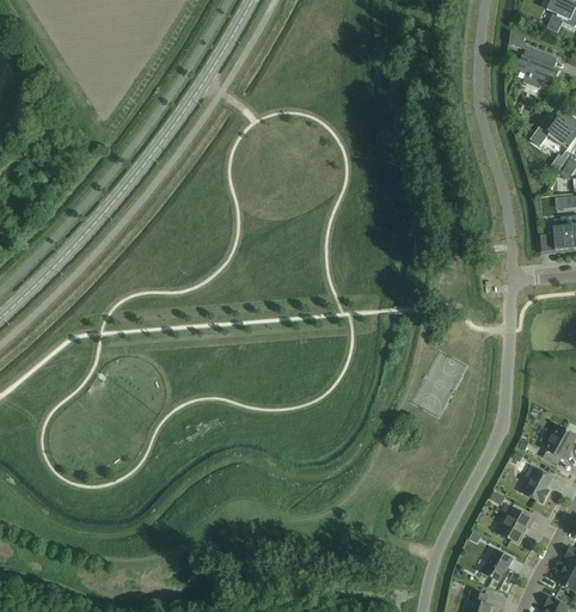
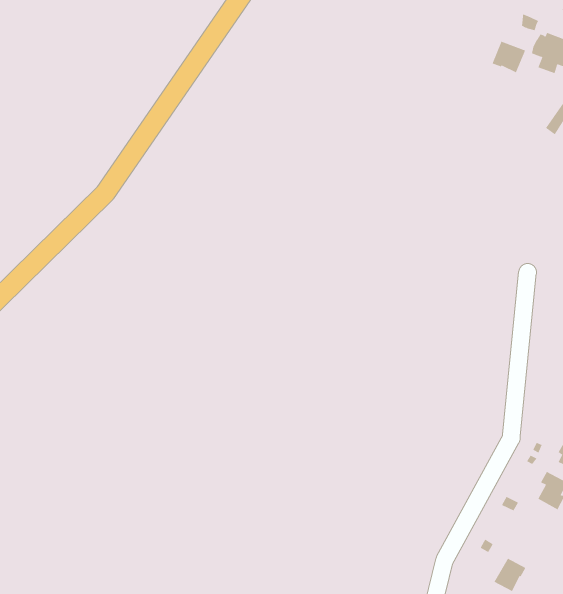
building: none -> [492,41,526,73]
building: [500,503,535,543] -> none

